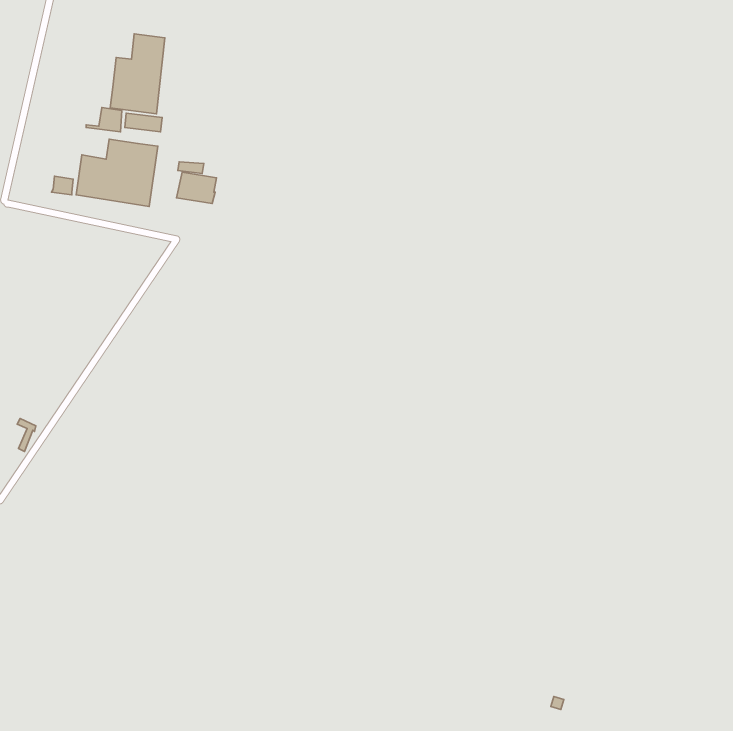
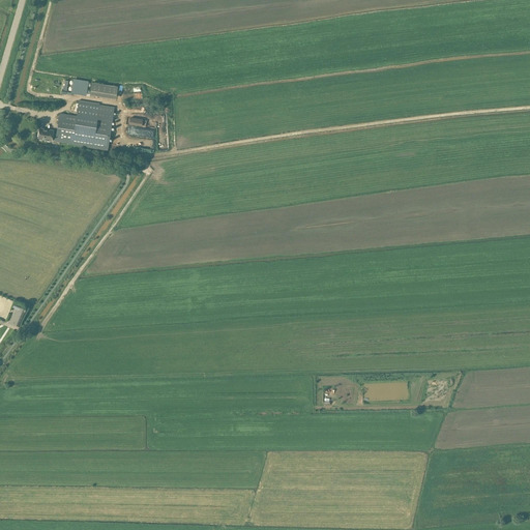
building: [110,34,165,114] -> none

